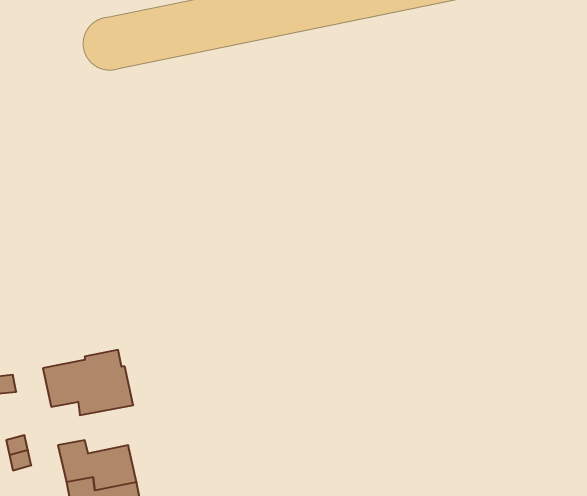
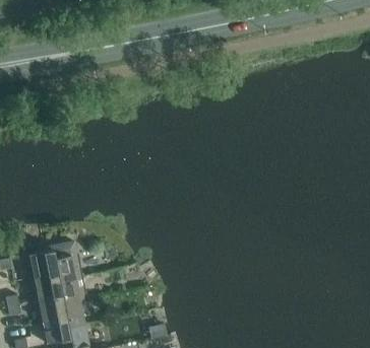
building: none -> [34,275,87,306]

